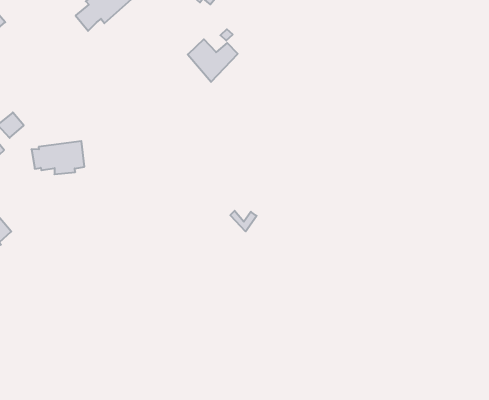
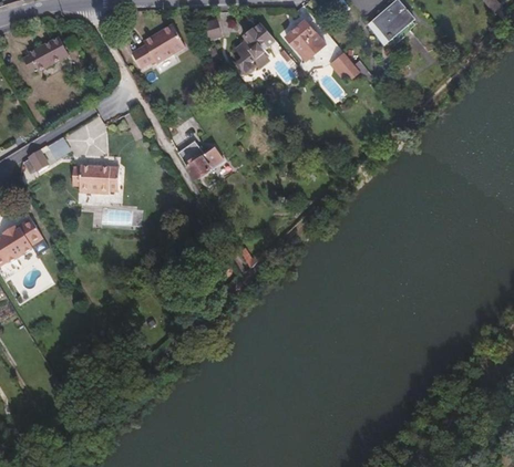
building: [188,39,238,82] -> [178,143,223,181]

